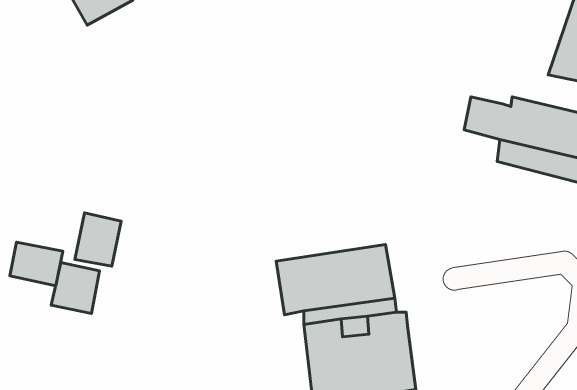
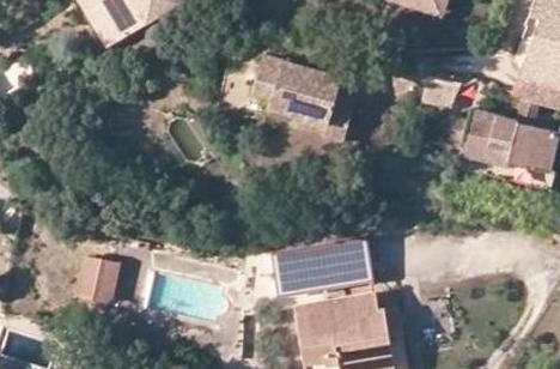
building: none -> [249,52,354,135]
building: [75,213,121,266] -> none
building: [10,242,63,286] -> none

